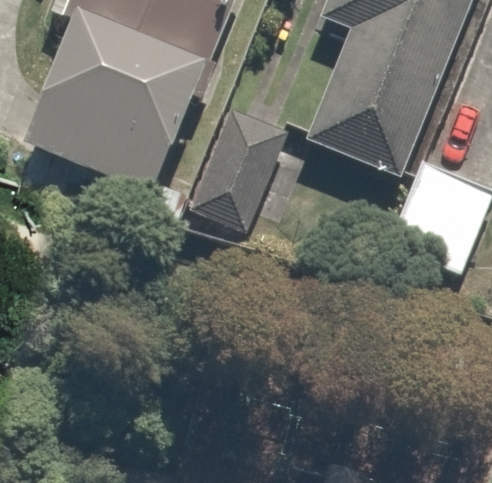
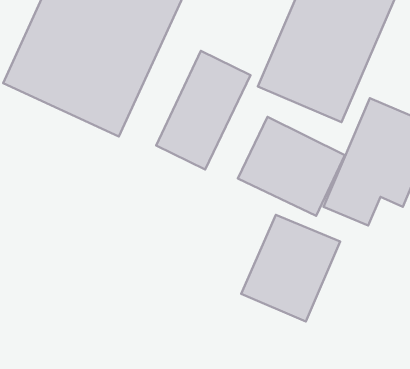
building: none -> [238,117,345,216]
building: none -> [241,215,340,322]

